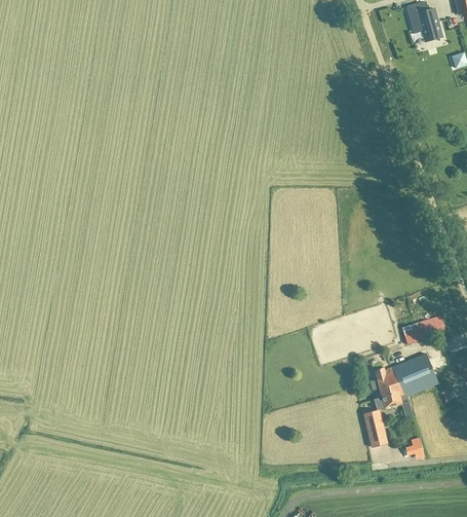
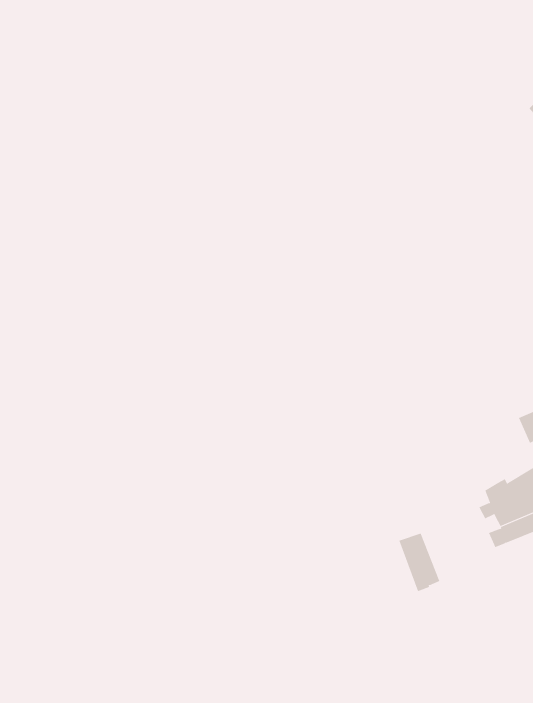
building: [364,409,388,447] -> [398,533,440,592]

